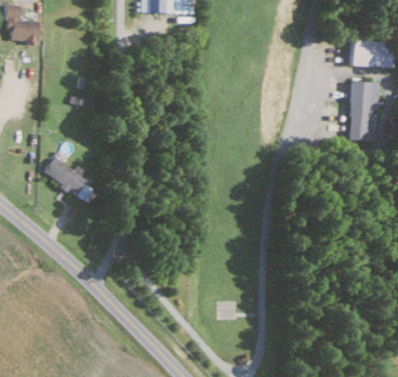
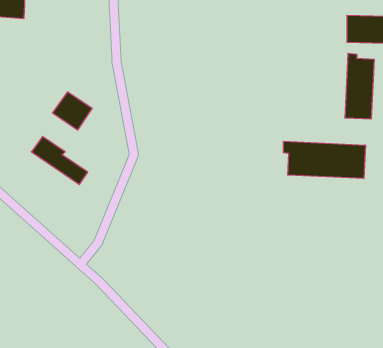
building: none -> [53,92,92,130]
building: none -> [283,141,366,179]

